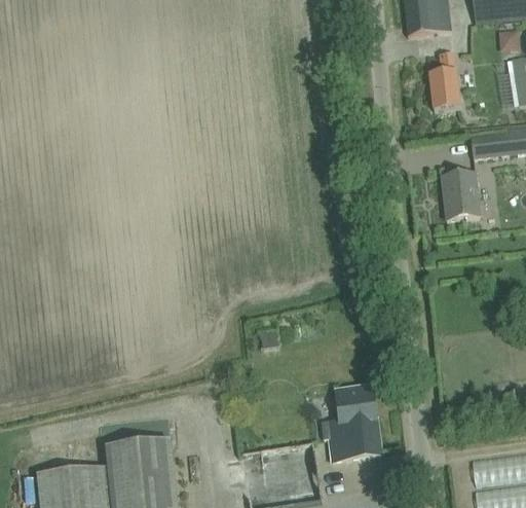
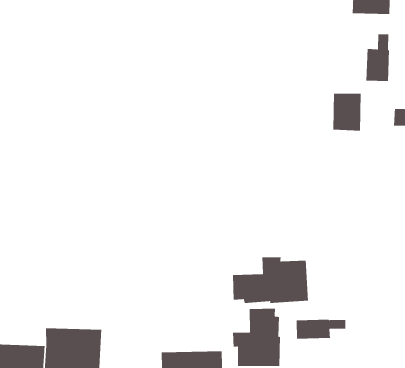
building: [442,172,480,219] -> [332,93,362,132]
building: none -> [232,257,309,304]
building: none -> [296,319,346,340]

